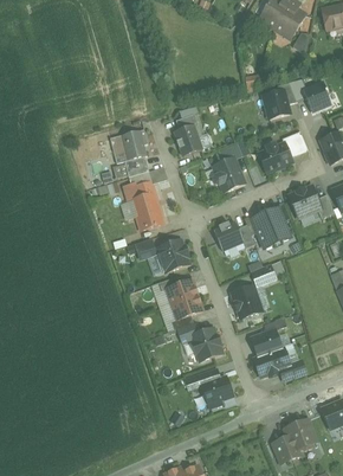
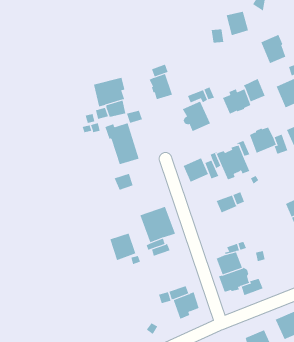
building: [264,90,290,118] -> [226,11,249,36]
building: [157,239,189,271] -> none
building: [232,285,263,317] -> none
building: [192,328,222,360] -> [109,233,136,261]

